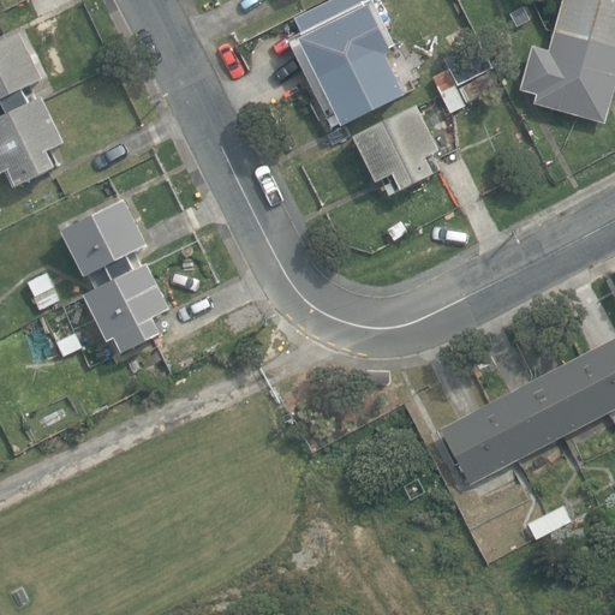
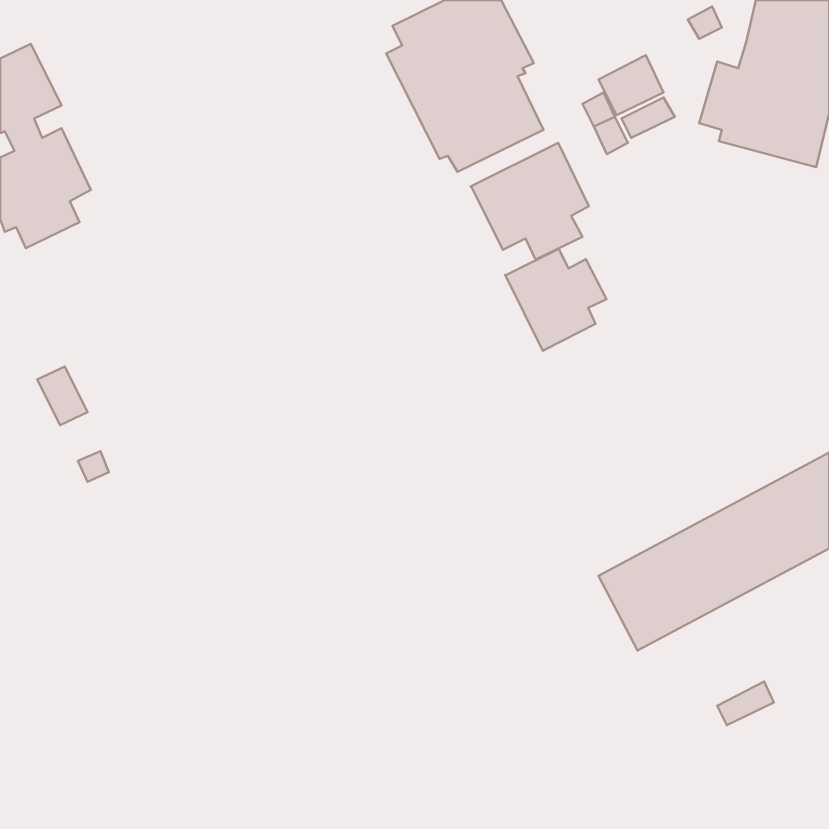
building: none -> [505,249,607,351]
building: [66,199,173,351] -> none

